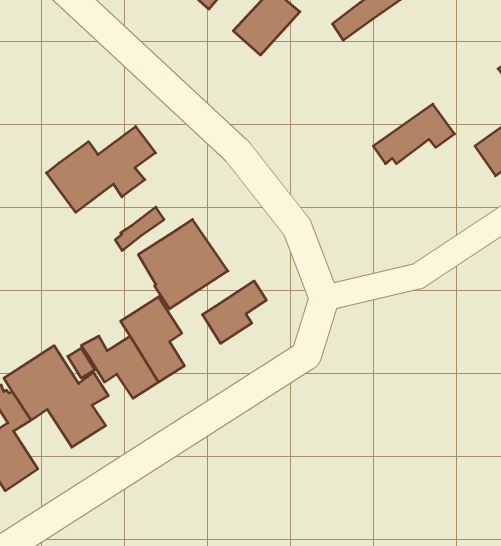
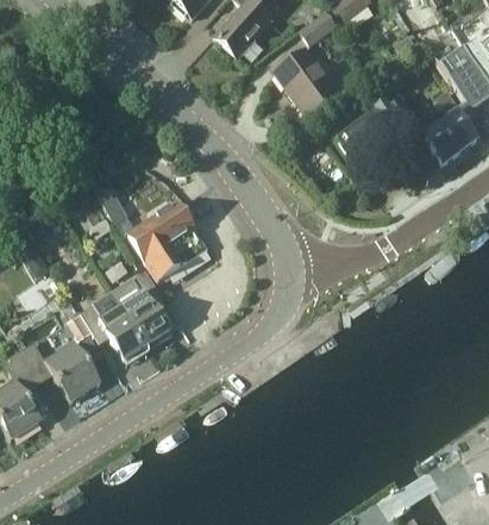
building: none -> [276,49,339,115]
building: [46,126,156,212] -> none
building: [202,281,266,343] -> none

